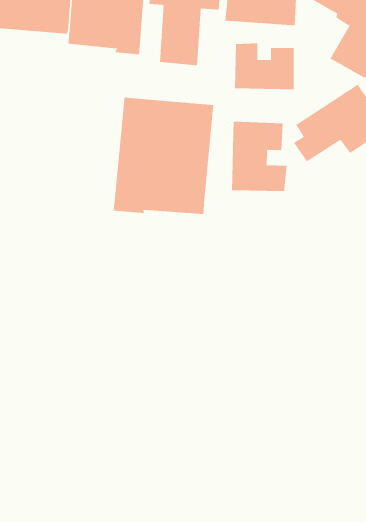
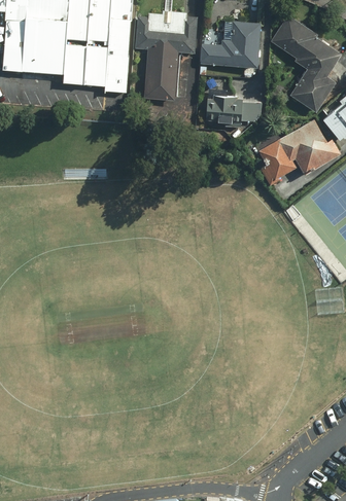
building: [113,97,214,215] -> none
building: [232,121,287,192] -> none

